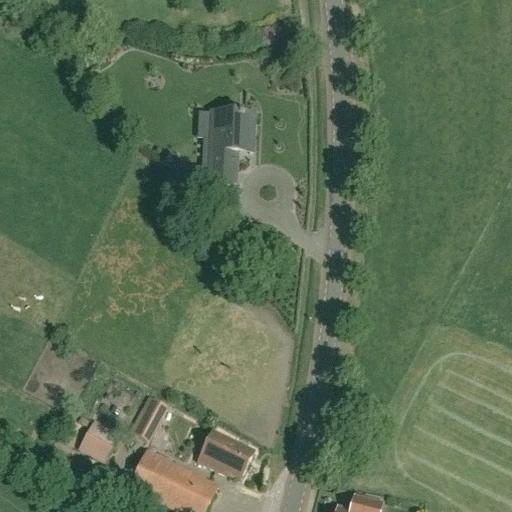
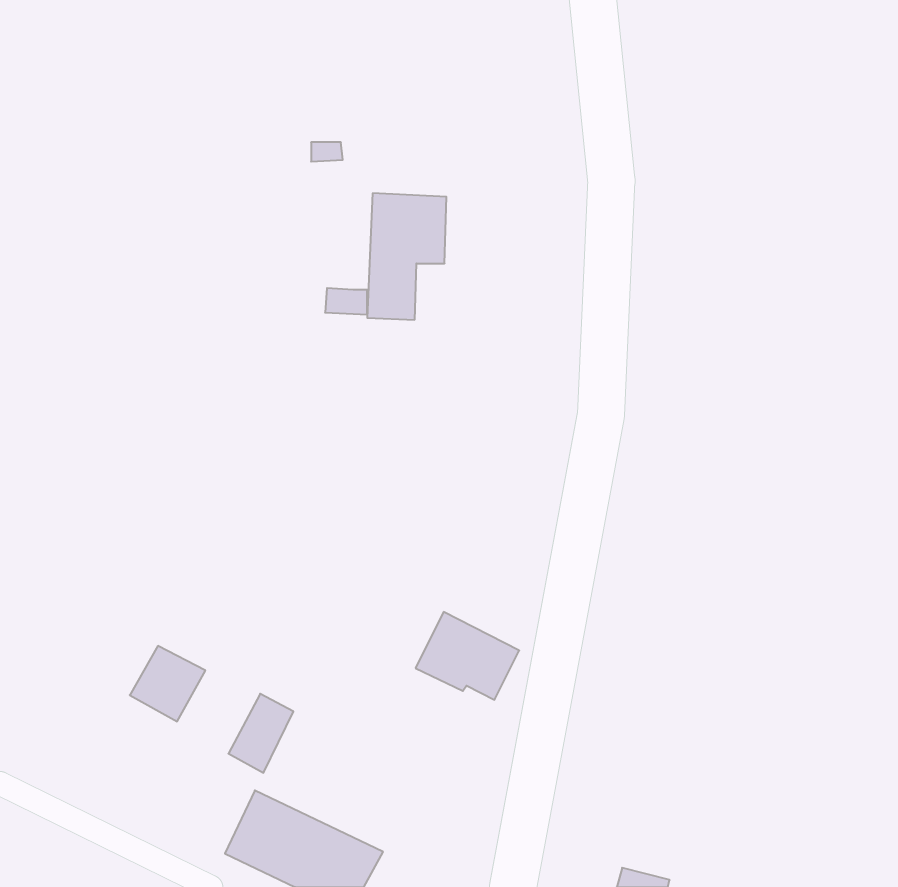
building: [78,419,121,462] -> [130,646,205,721]
building: [196,428,255,478] -> [416,612,519,700]

